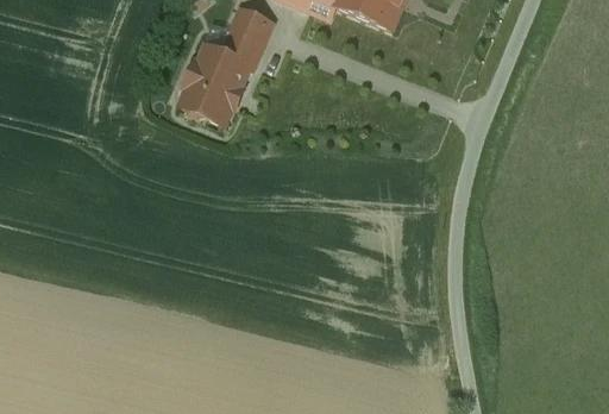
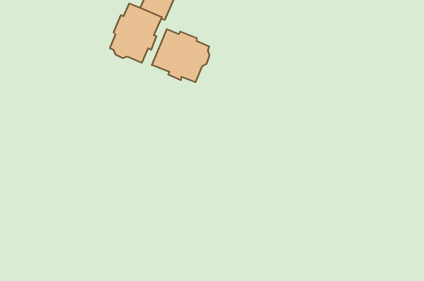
building: none -> [152,29,209,82]

